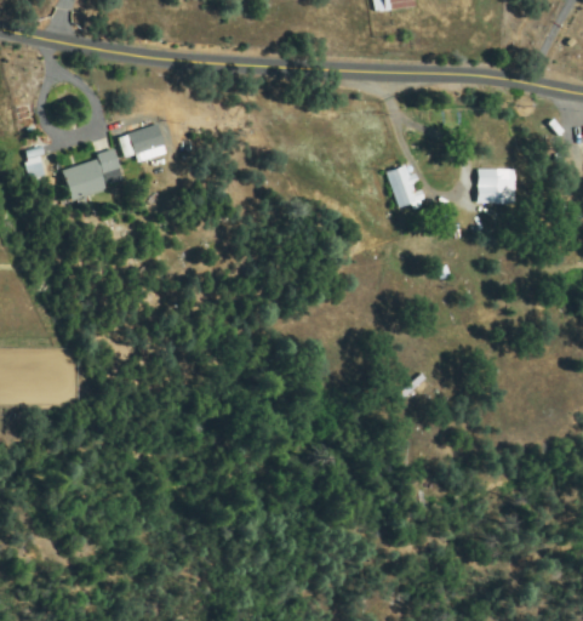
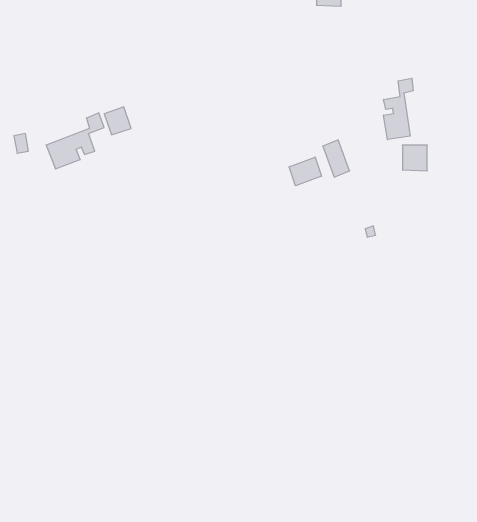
building: none -> [384,78,413,140]
building: none -> [289,157,322,186]

